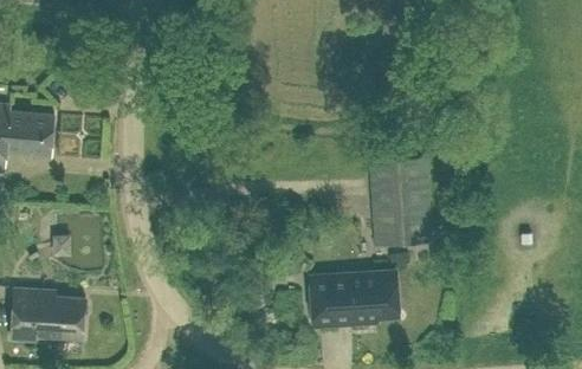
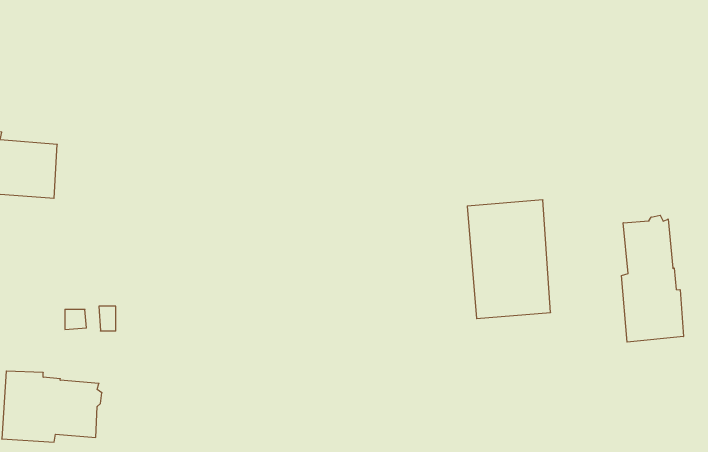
building: none -> [622,215,683,342]
building: [310,271,399,324] -> none

